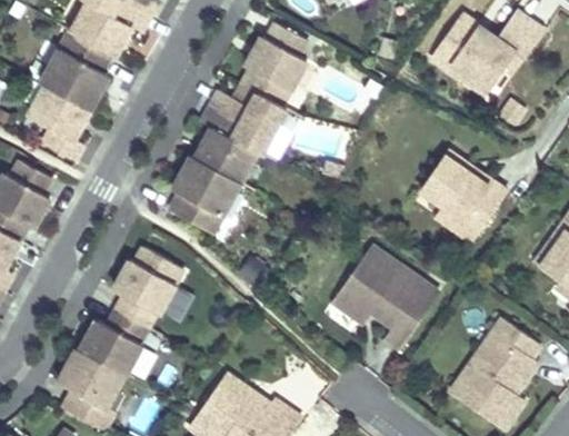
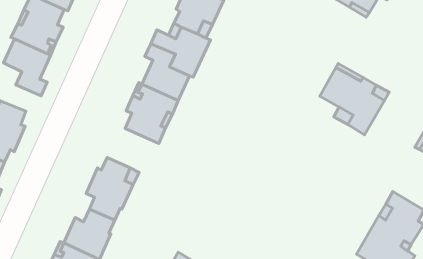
building: [332,245,439,348] -> none

